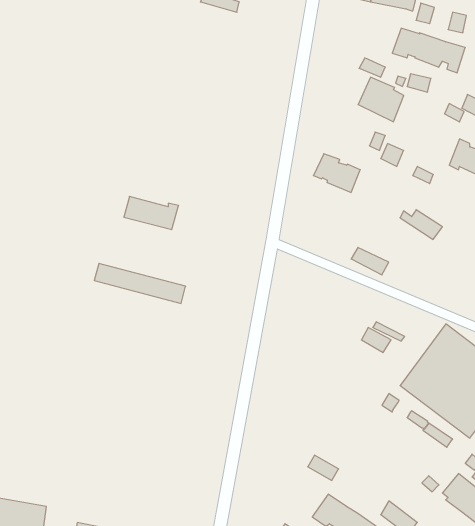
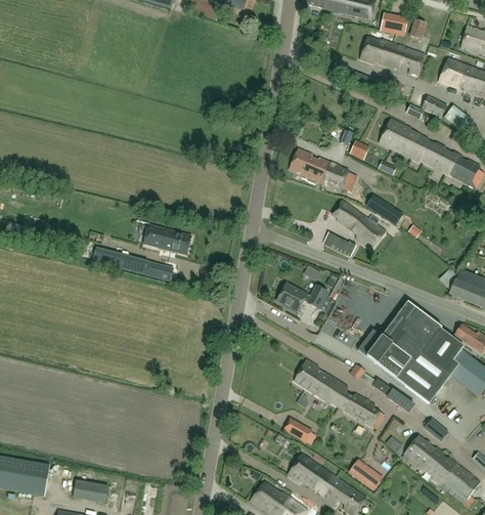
building: [358,77,404,122] -> [379,119,420,159]
building: none -> [322,163,358,192]
building: [124,196,179,230] -> [143,224,192,254]
building: none -> [332,199,385,250]
building: none -> [276,283,328,313]
building: none -> [294,359,385,429]

